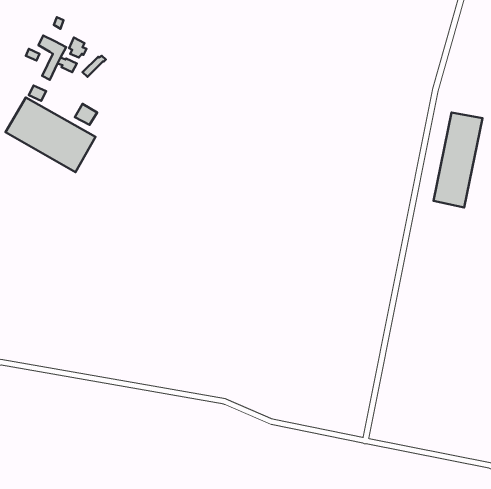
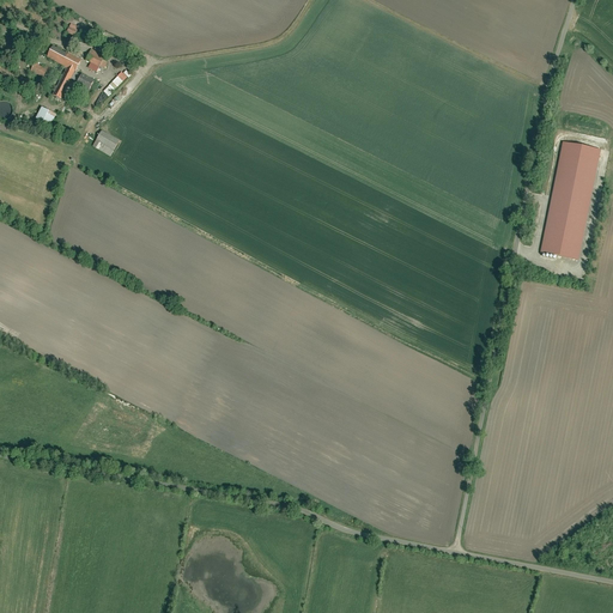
building: [6,97,95,172] -> none

